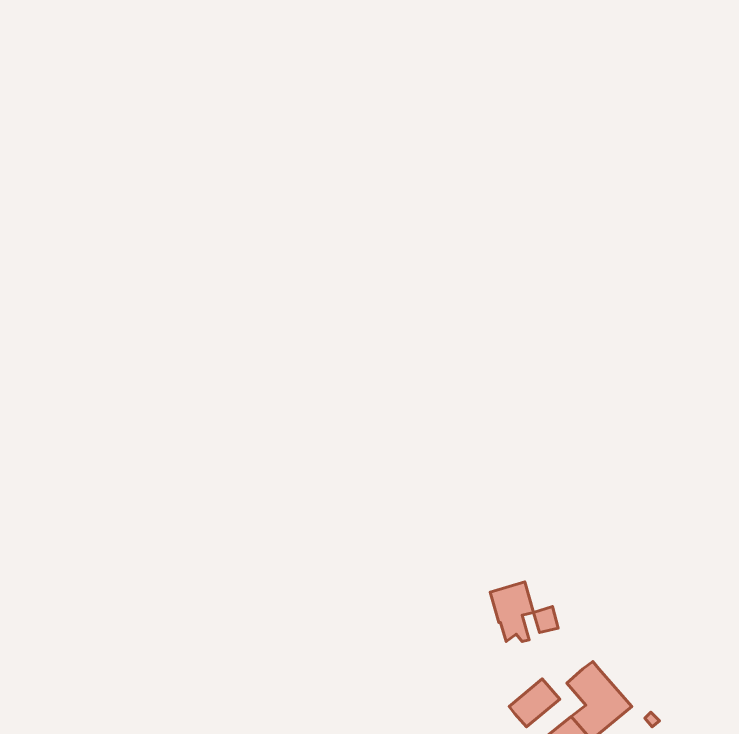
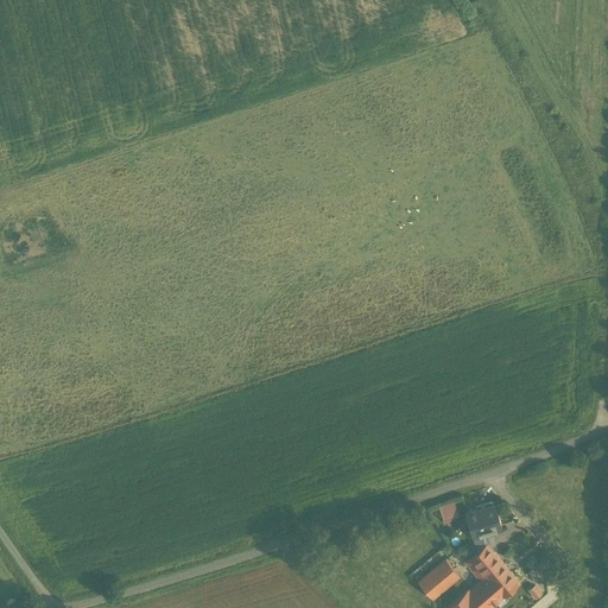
building: [490,582,534,641] -> [466,505,501,553]

